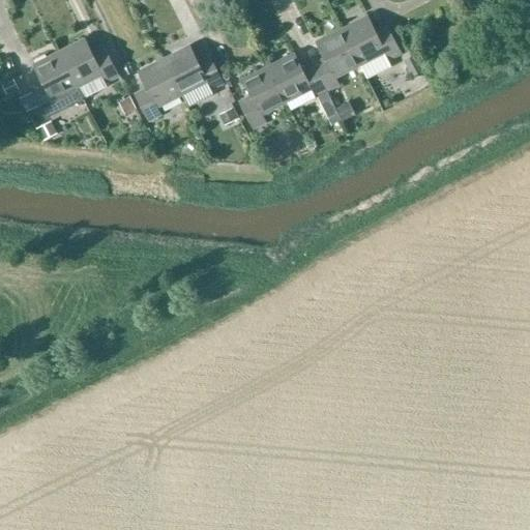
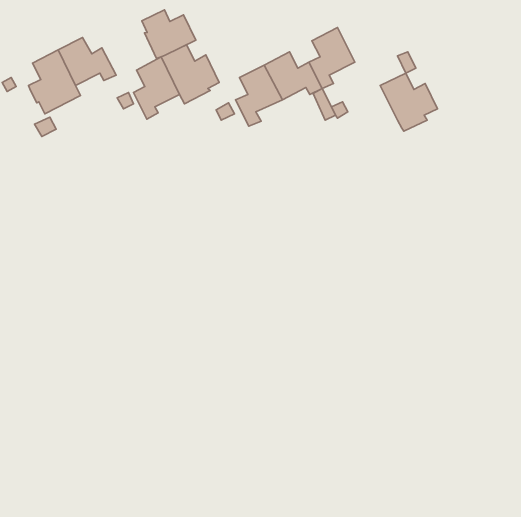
building: none -> [142,10,196,59]
building: [343,16,401,75] -> [380,73,437,131]

